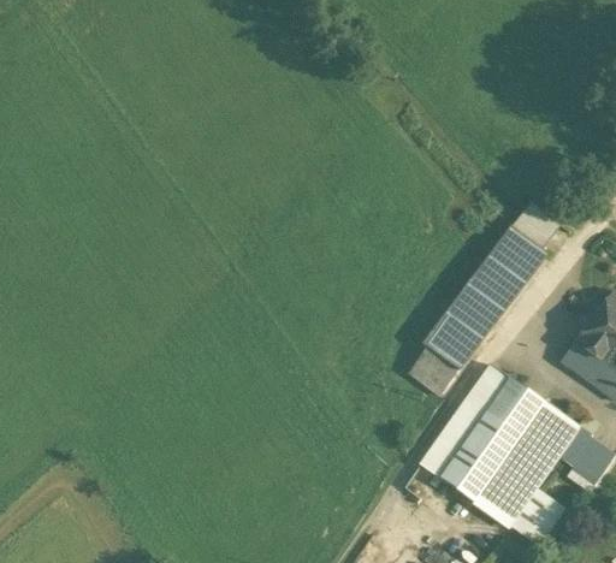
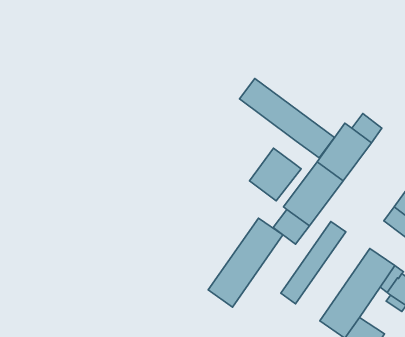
building: none -> [240,78,335,158]
building: none -> [249,148,301,201]
building: [442,377,545,500] -> [208,218,283,307]

